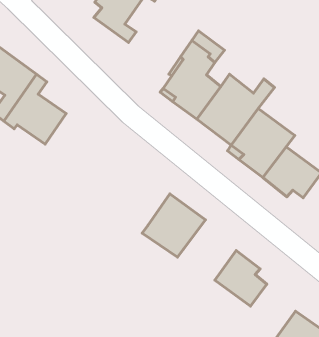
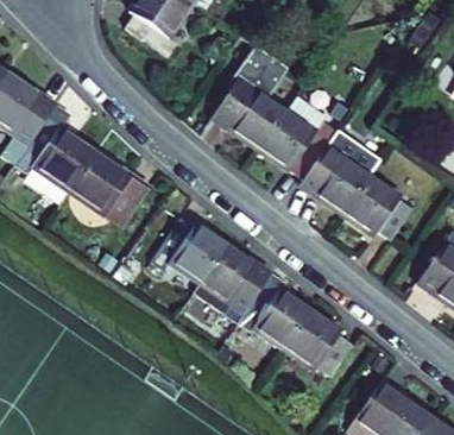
building: none -> [69,146,149,221]
building: none -> [144,225,223,285]
building: none -> [235,278,305,353]

